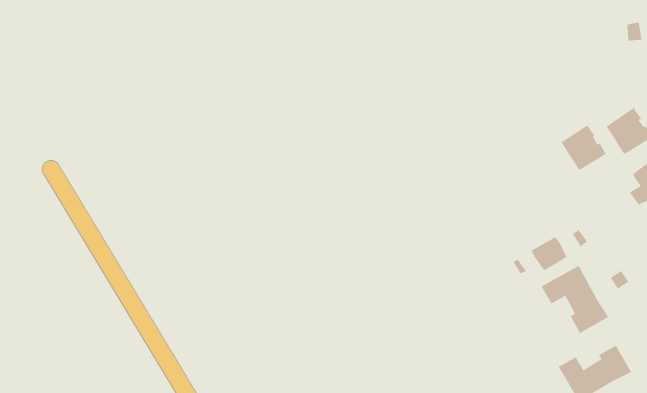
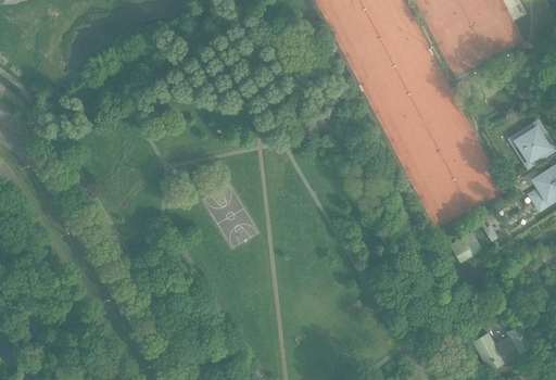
building: [561,125,607,171] -> none
building: [541,265,609,334] -> none

